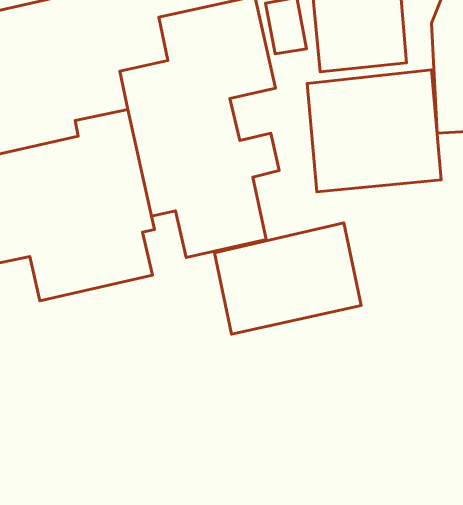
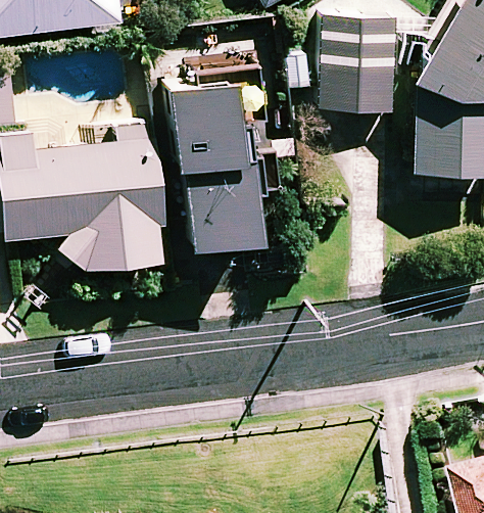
building: [307,70,441,192] -> none
building: [214,223,361,334] -> none

